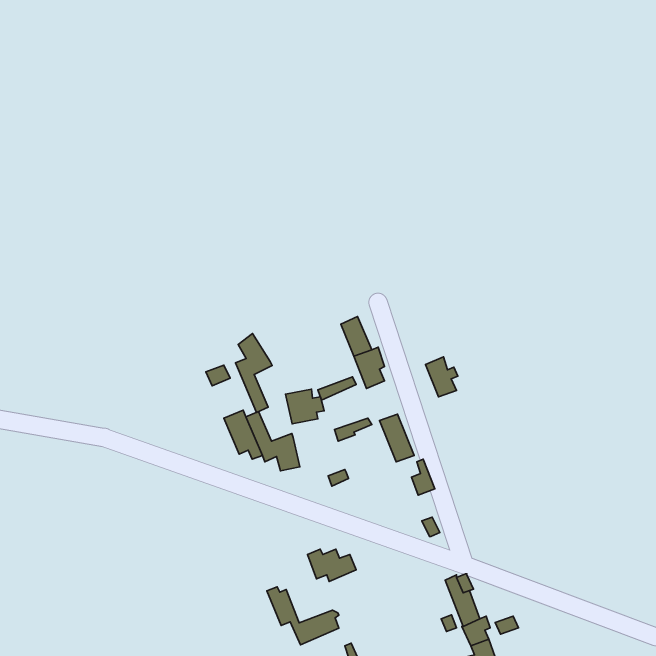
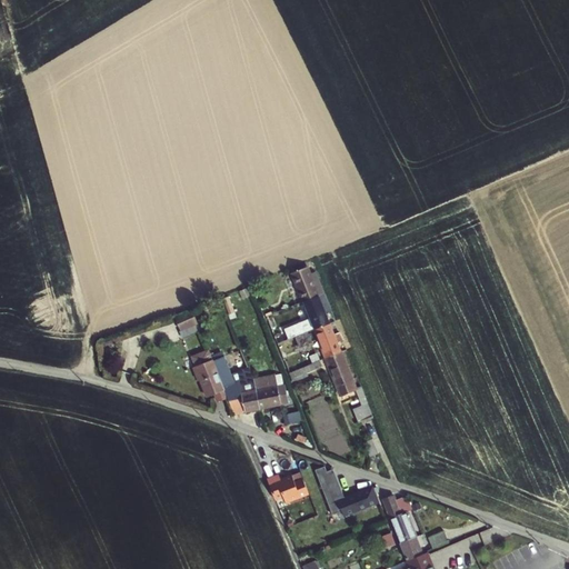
building: [235,334,272,412] -> none
building: [426,357,458,397] -> [317,330,345,365]
building: [286,389,324,424] -> [253,375,287,405]
building: [267,587,339,645] -> [316,466,378,516]

